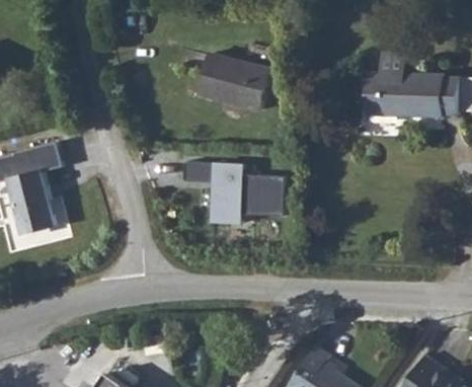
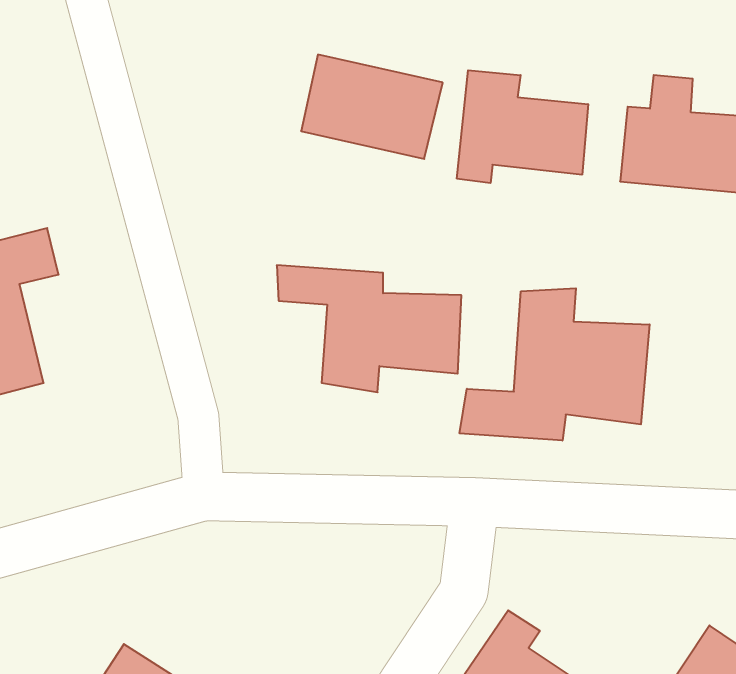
building: none -> [457,70,588,183]
building: none -> [460,288,650,441]

